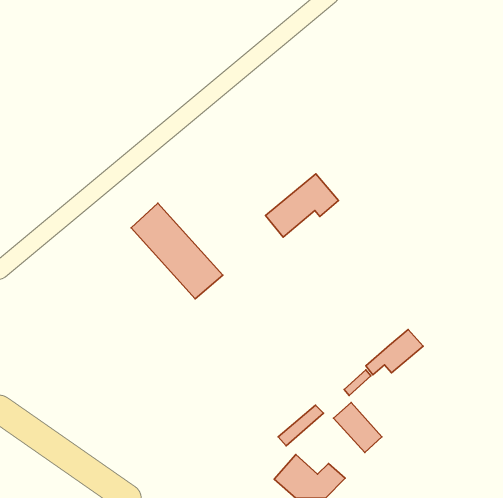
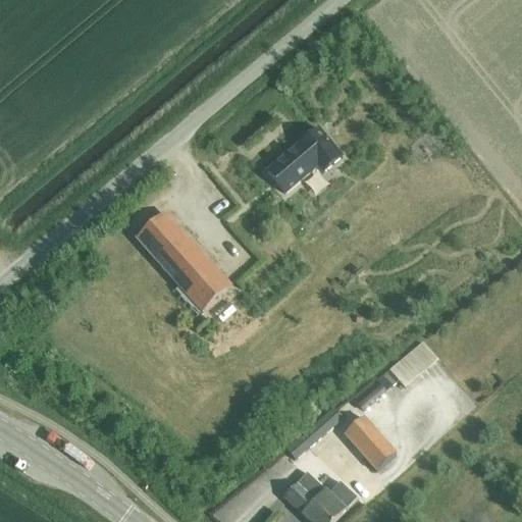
building: [265,174,338,237] -> [266,125,342,191]

